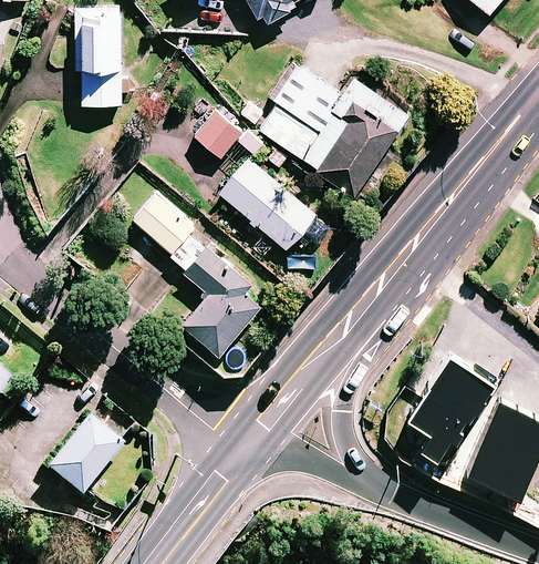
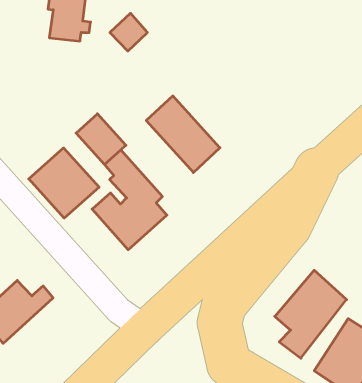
building: [261,65,407,195] -> none
building: [193,111,239,158] -> [110,13,147,51]
building: none -> [29,148,99,218]

